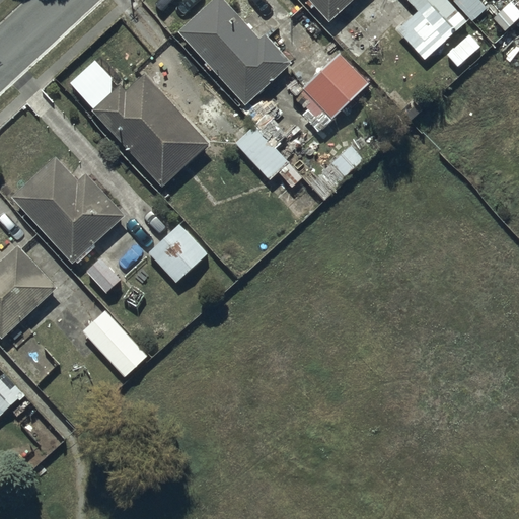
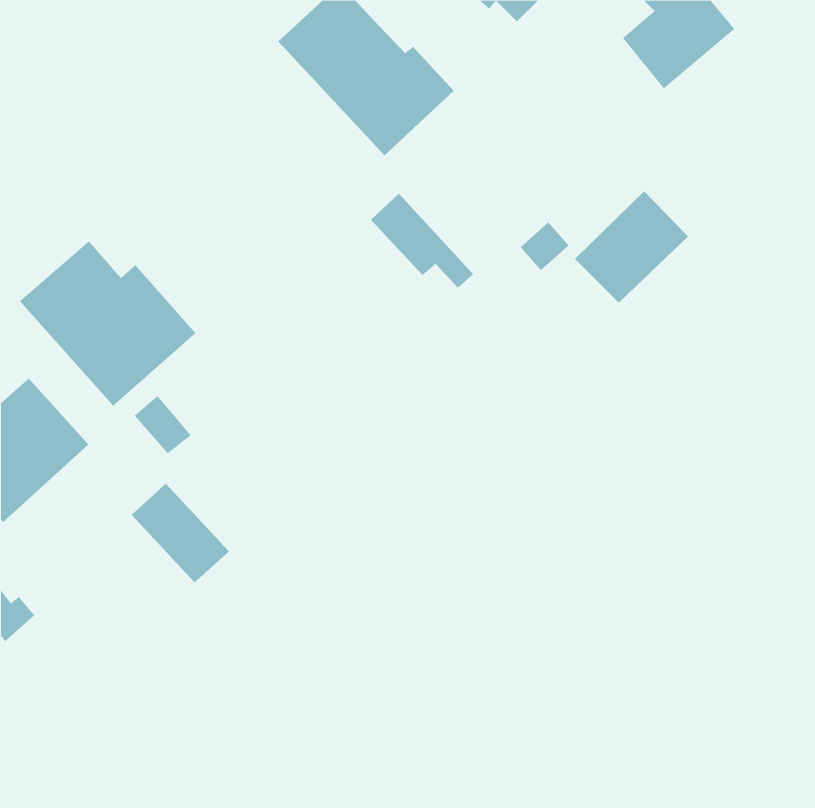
building: [298,57,371,129] -> [574,190,689,304]
building: [93,73,208,186] -> none
building: [148,224,208,283] -> none

